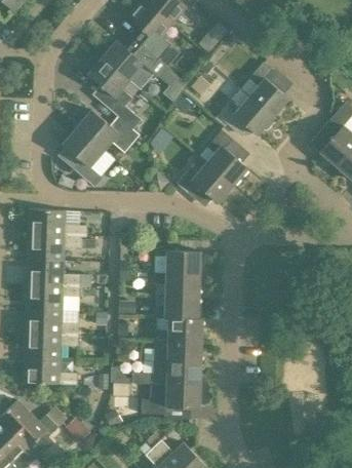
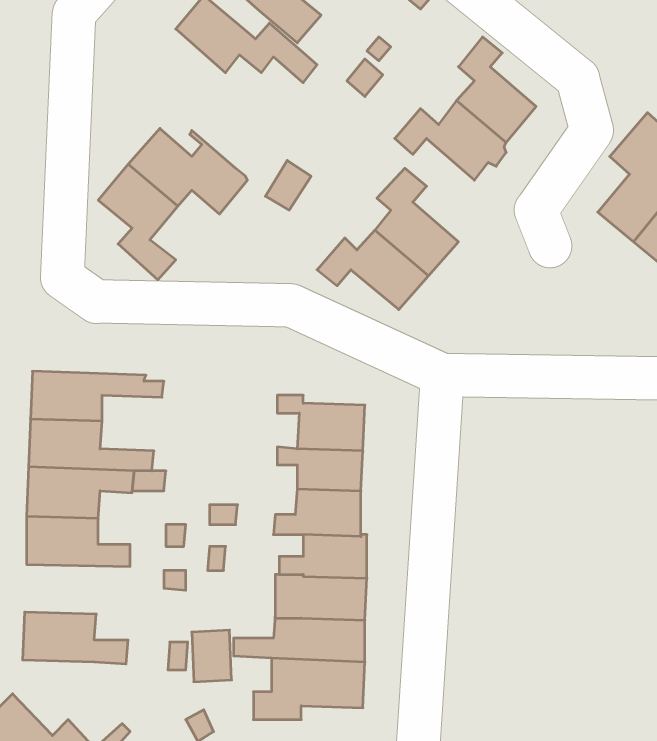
building: [87,57,142,129] -> none
building: [29,208,87,236] -> none
building: [25,334,79,359] -> none

